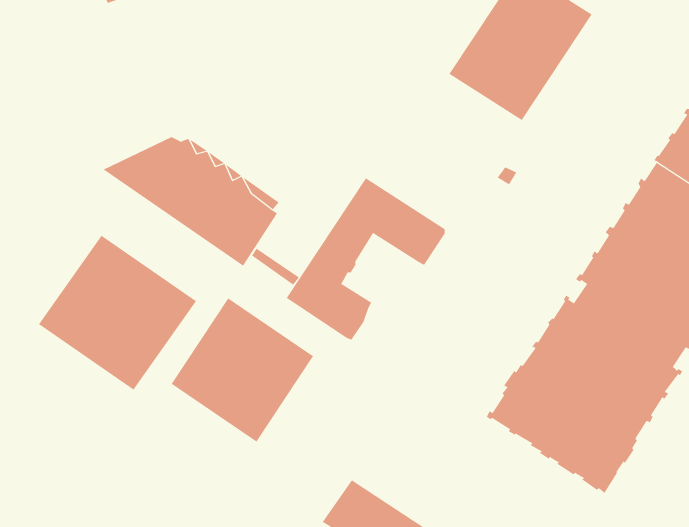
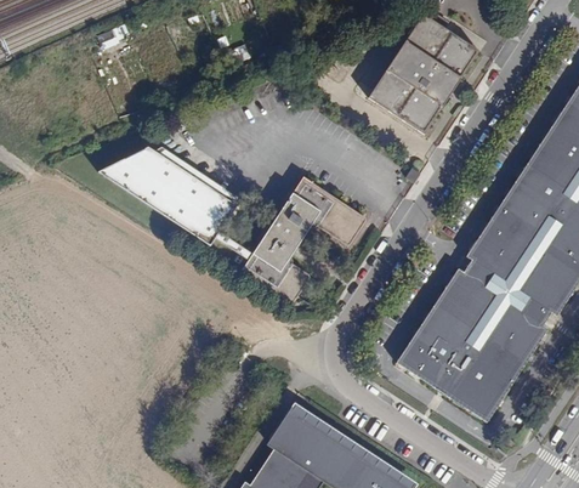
building: [38,235,197,390] -> none
building: [171,298,314,442] -> none

